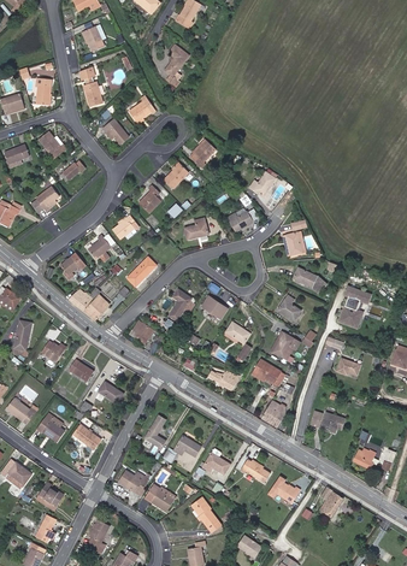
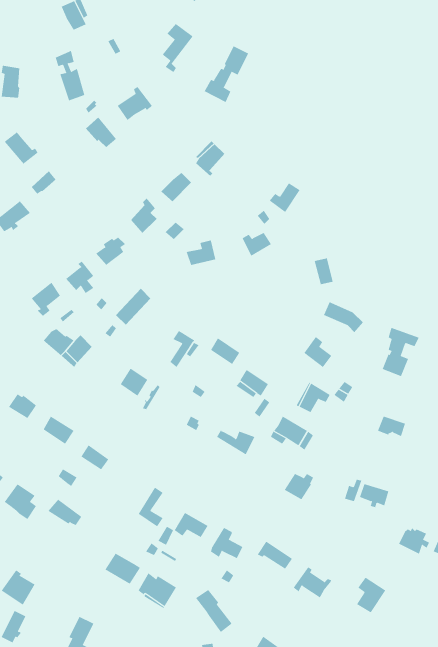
building: none -> [204,45,249,103]

